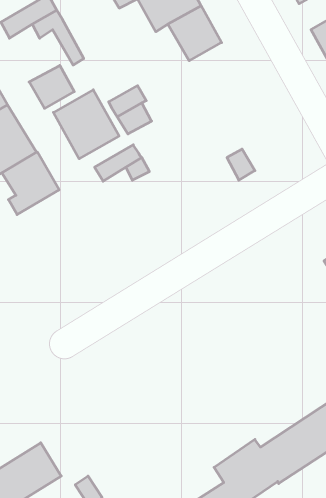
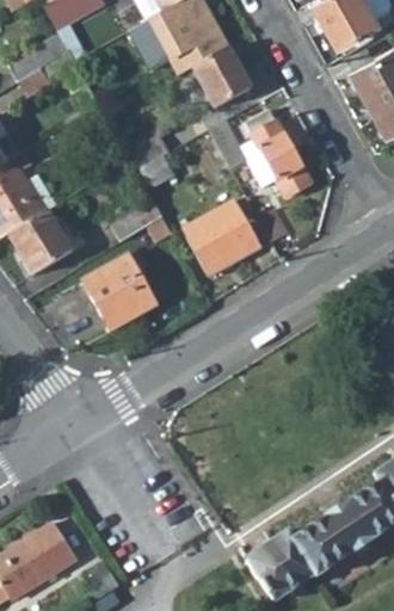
building: none -> [209,109,310,195]
building: [29,65,74,108] -> none
building: [53,90,119,159] -> [81,253,154,329]
building: none -> [184,198,261,273]

